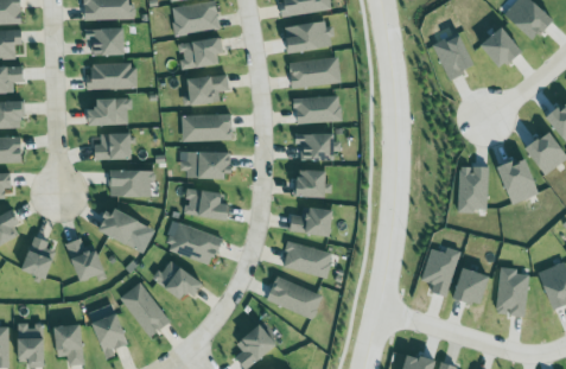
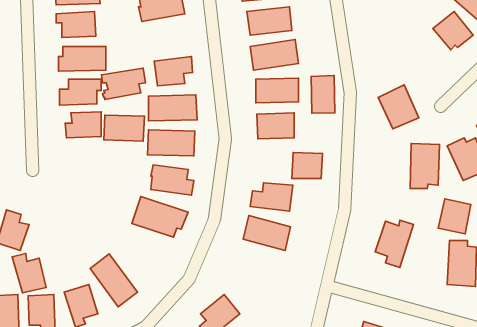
building: [432,32,475,78] -> [378,85,419,129]
building: [177,36,223,69] -> [102,68,145,100]
building: none -> [311,75,335,113]
building: [109,168,152,196] -> [104,115,144,141]
building: [294,168,326,196] -> [292,152,322,178]
building: [98,206,146,248] -> none
building: [66,238,102,280] -> [12,254,46,293]
building: [153,259,204,299] -> none
building: [454,267,489,304] -> [438,199,471,234]
building: [267,276,322,319] -> none

